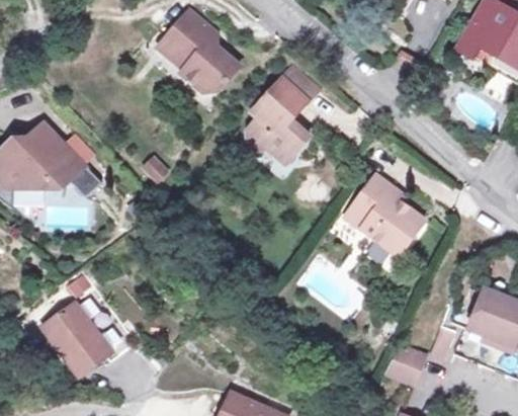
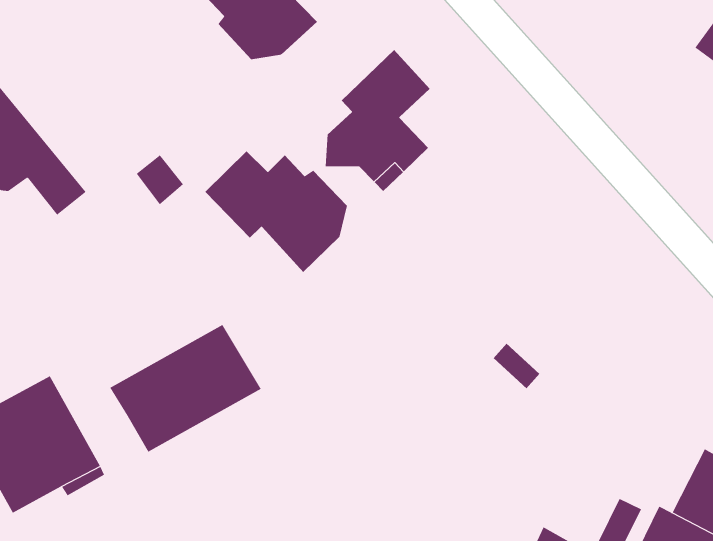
building: none -> [204,151,347,273]
building: [345,169,421,248] -> none
building: none -> [109,324,261,452]

